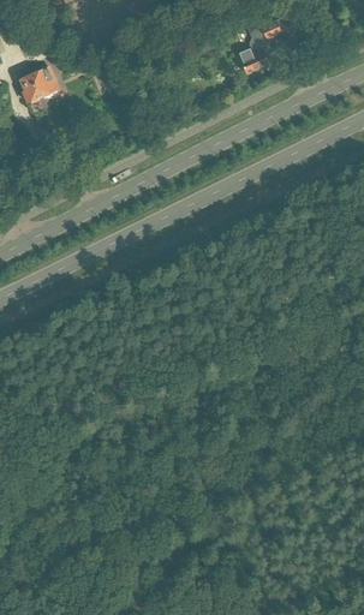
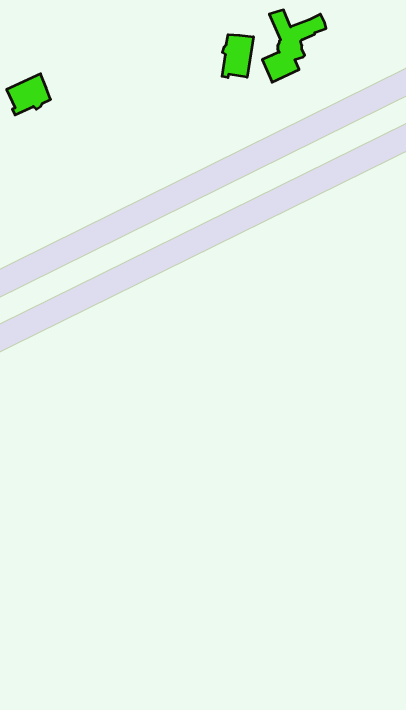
building: none -> [222,35,253,78]

